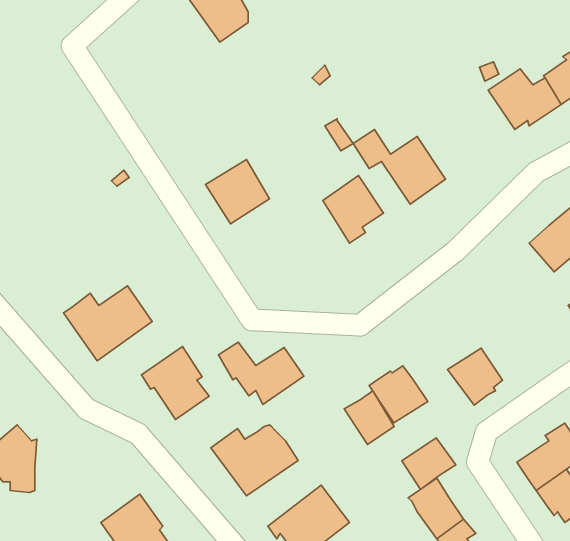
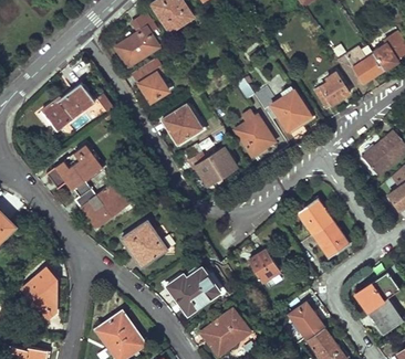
building: none -> [115,18,158,67]
building: none -> [132,63,167,104]
building: none -> [314,73,346,108]
building: none -> [41,83,95,130]
building: none -> [45,145,101,197]
building: [219,342,304,405] -> [183,145,236,183]
building: [369,366,428,423] -> [297,200,333,235]
building: [402,438,456,489] -> none

